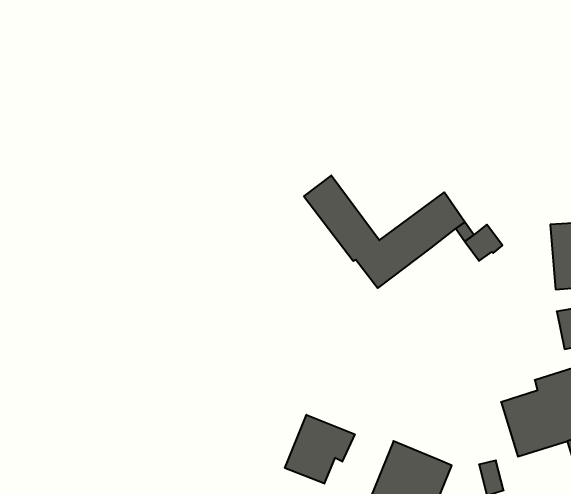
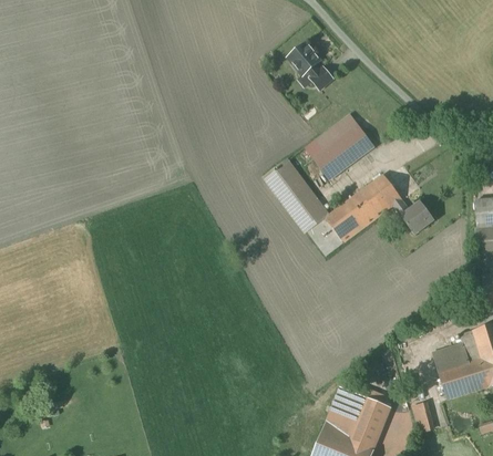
building: none -> [285,42,333,94]
building: none -> [305,113,374,178]
building: [285,415,355,484] -> none

